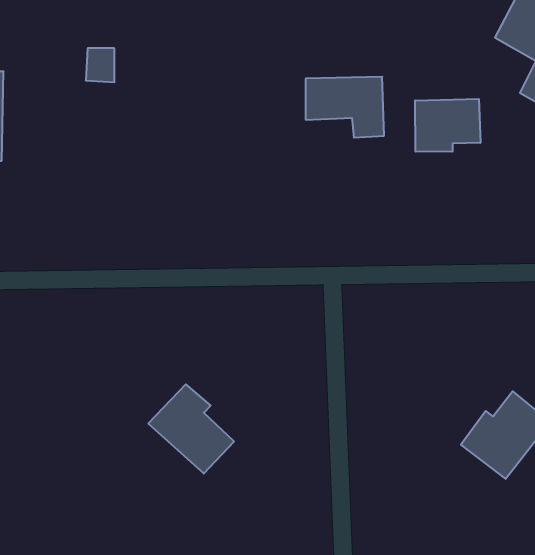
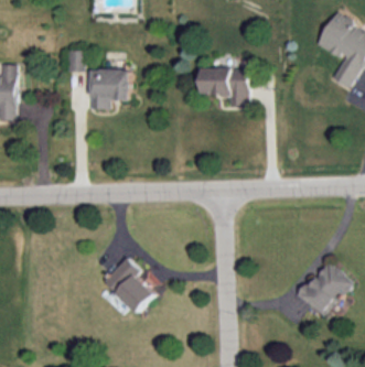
building: none -> [90,69,130,109]
building: [415,99,480,152] -> none

